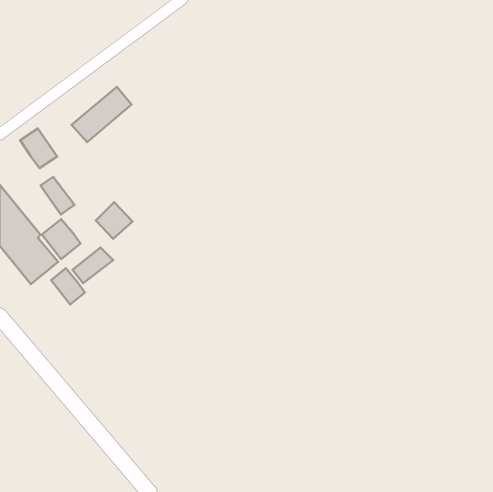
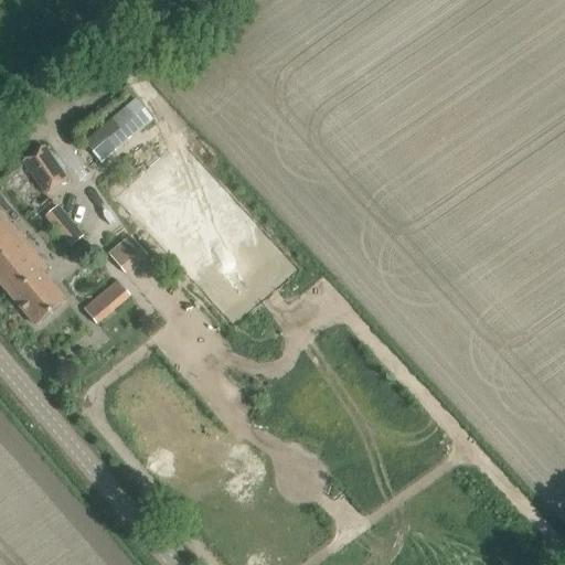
building: [42,219,80,259] -> none
building: [51,268,85,304] -> none

